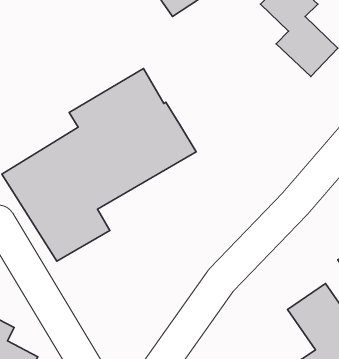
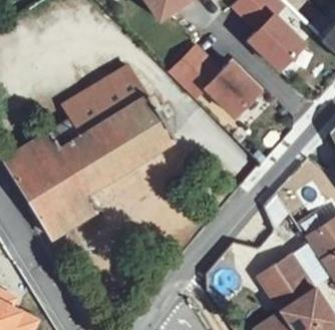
building: none -> [168,45,262,116]

